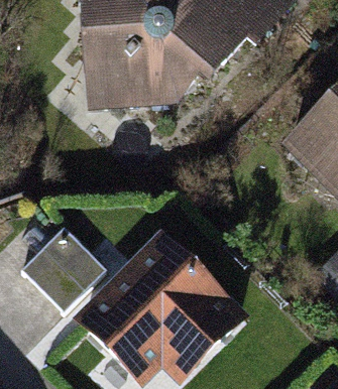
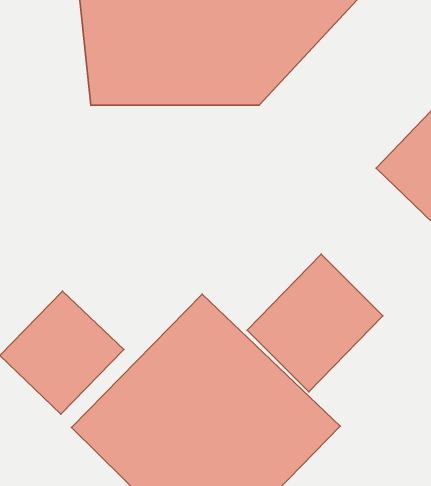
building: none -> [247,254,383,392]

